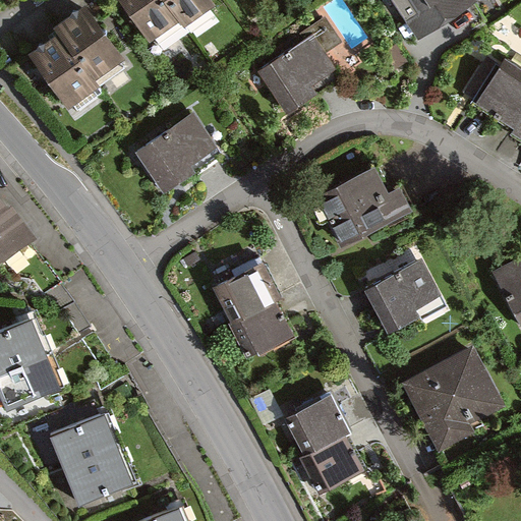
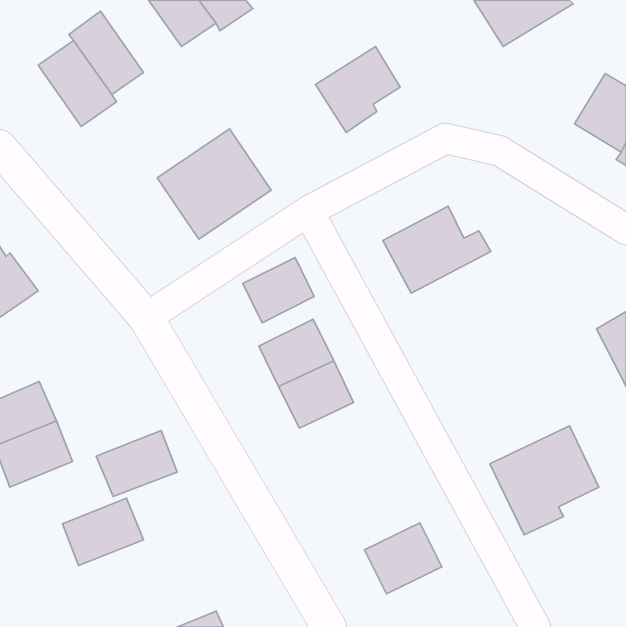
building: none -> [243,257,314,323]
building: [362,254,442,332] -> none
building: [284,397,348,456] -> none
building: [65,448,132,503] -> [96,430,177,497]

